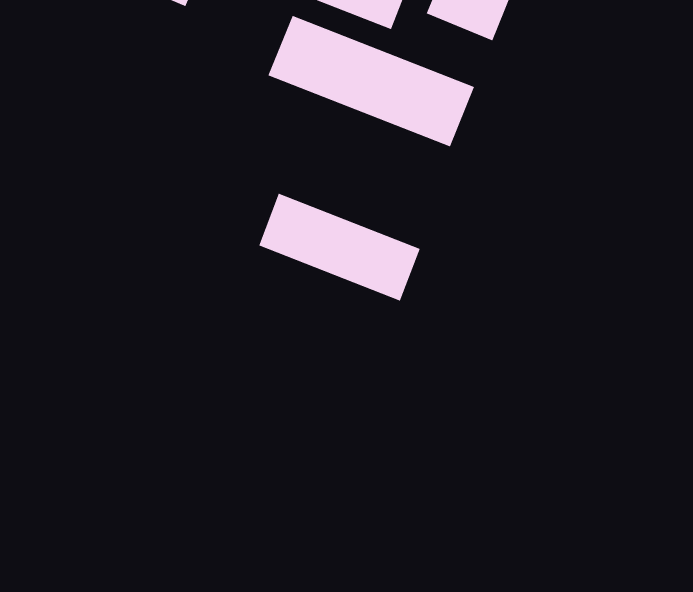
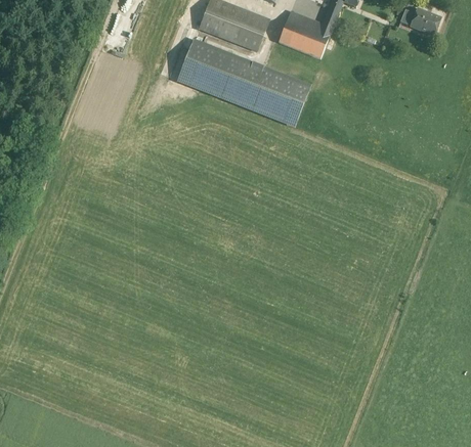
building: [258,193,421,301] -> none

